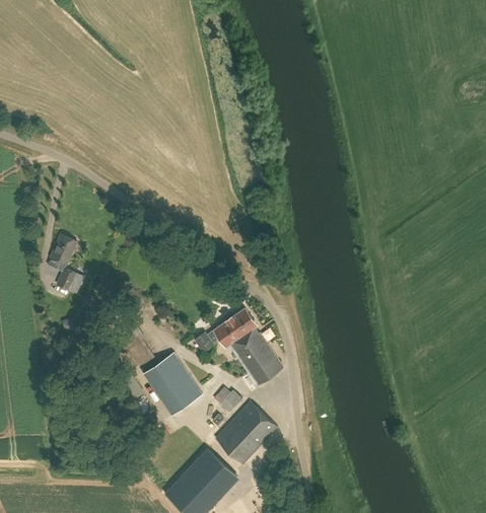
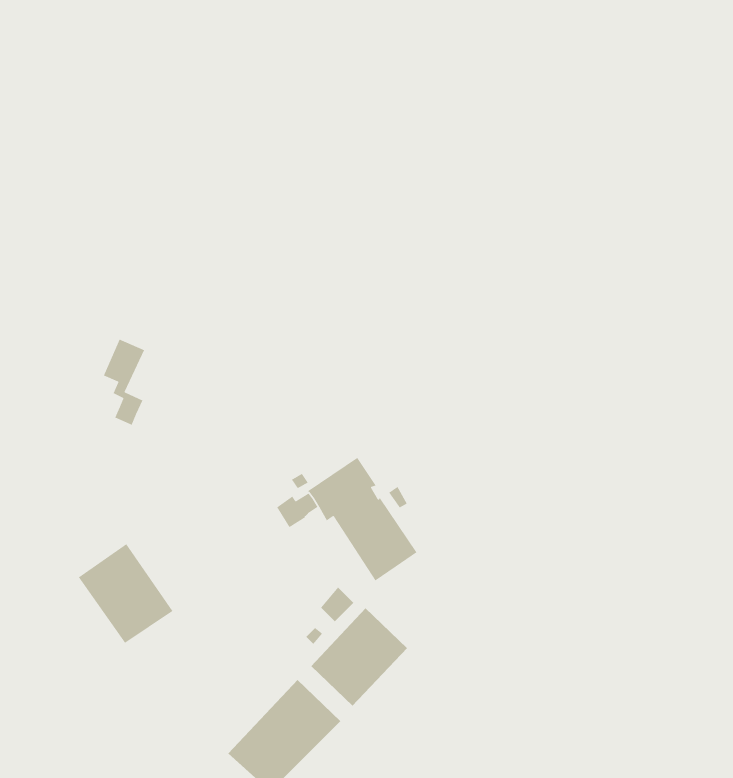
building: [51,235,77,290] -> [103,338,145,426]
building: [143,352,203,415] -> [78,543,174,644]

